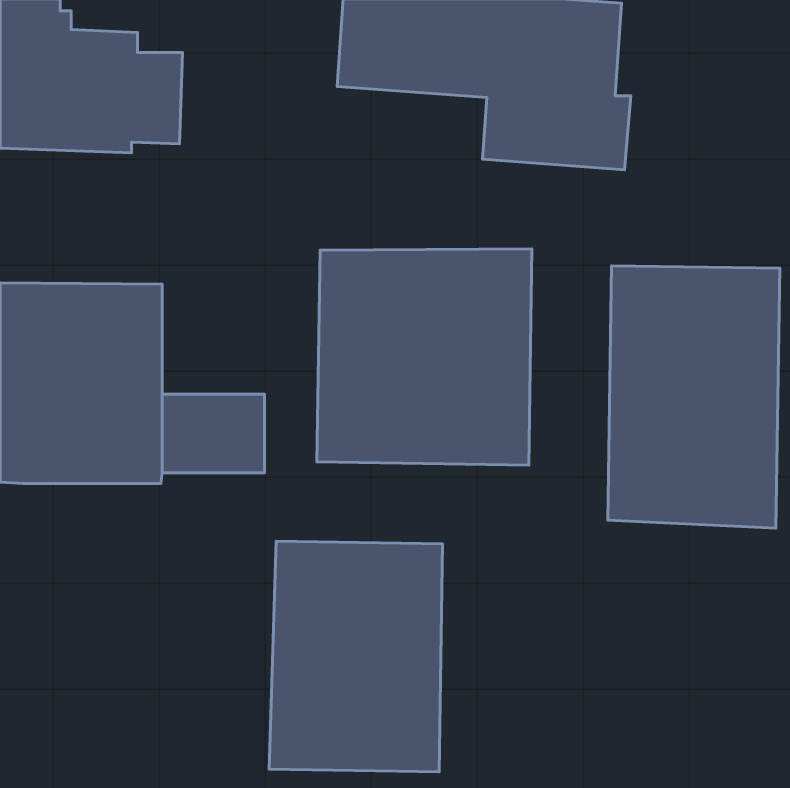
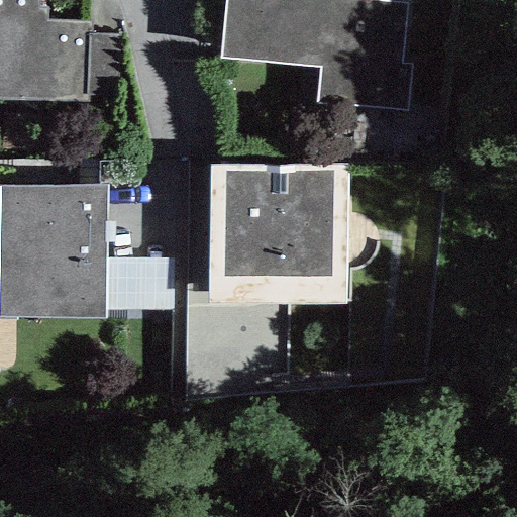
building: [608,266,780,528] -> none
building: [269,541,443,772] -> none

